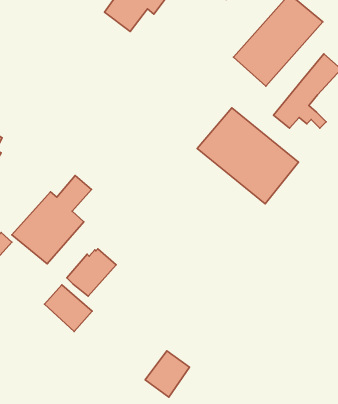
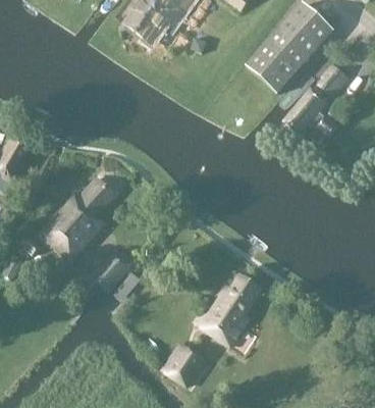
building: [197,108,299,204] -> none
building: none -> [200,268,265,345]
building: [45,285,92,332] -> none

